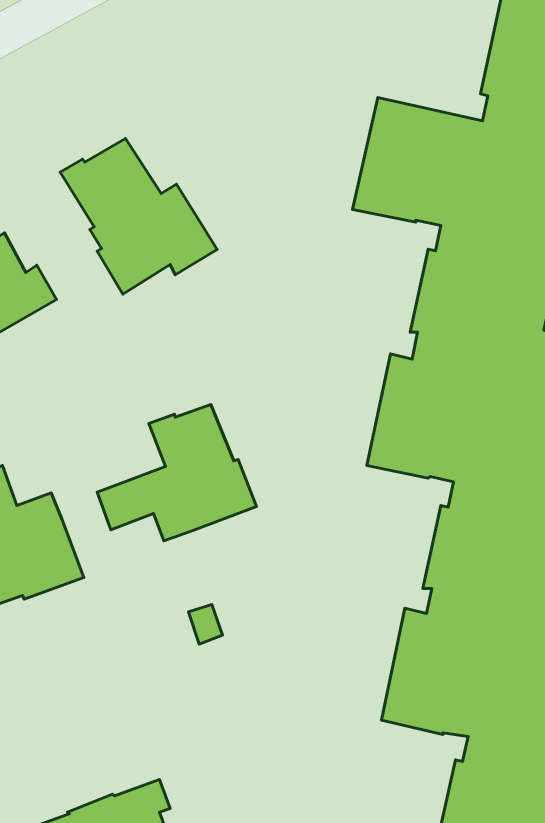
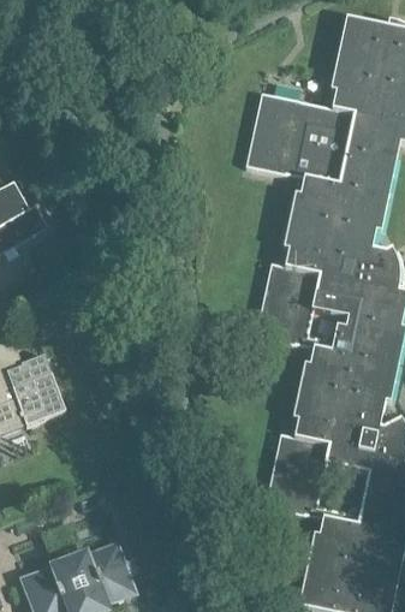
building: [60,138,217,294] -> none
building: [97,404,256,541] -> none

